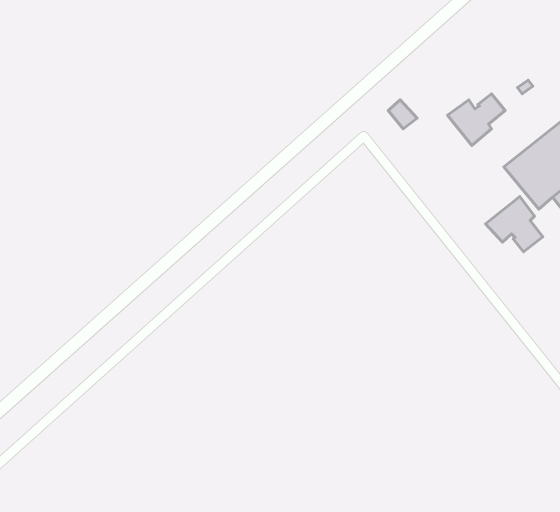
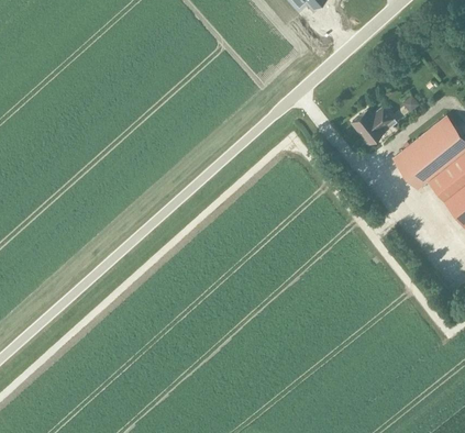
building: [486,196,543,252] -> none

